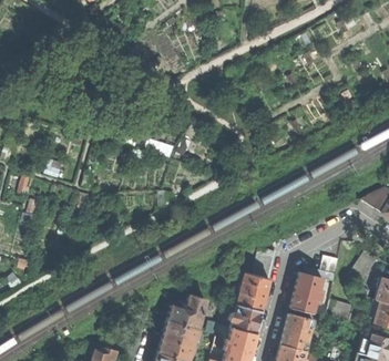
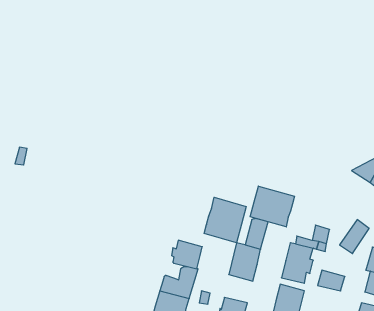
building: none -> [250,186,294,227]
building: none -> [204,197,246,243]
building: [231,305,262,333] -> [172,240,202,269]

